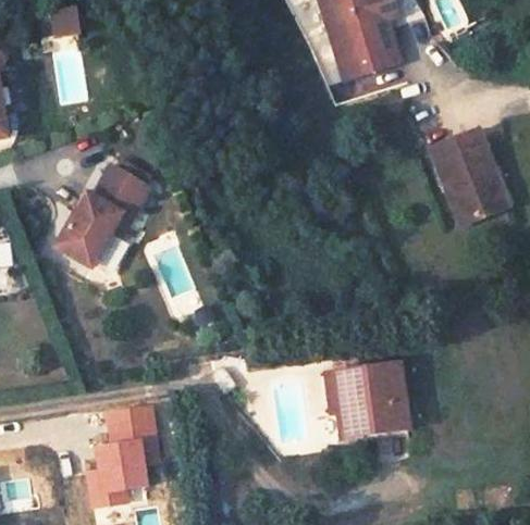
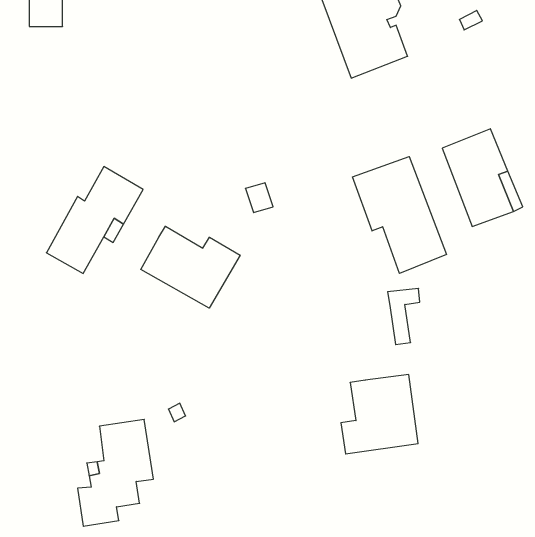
building: none -> [353,157,447,273]
building: none -> [141,226,240,308]
building: [329,354,359,408] -> [388,288,420,345]

